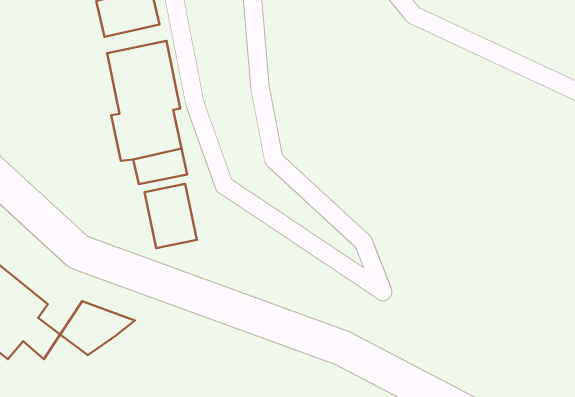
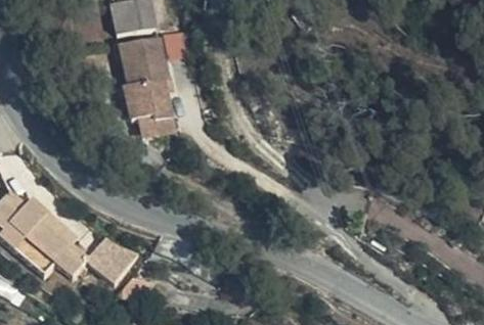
building: [144,184,197,248] -> none

